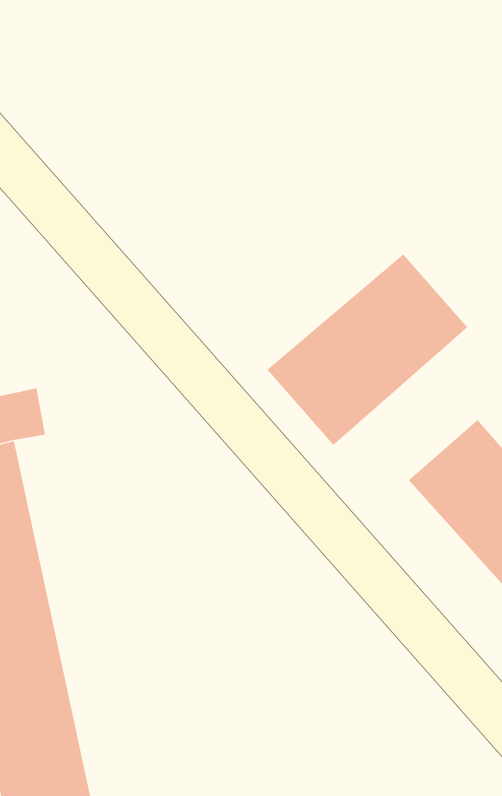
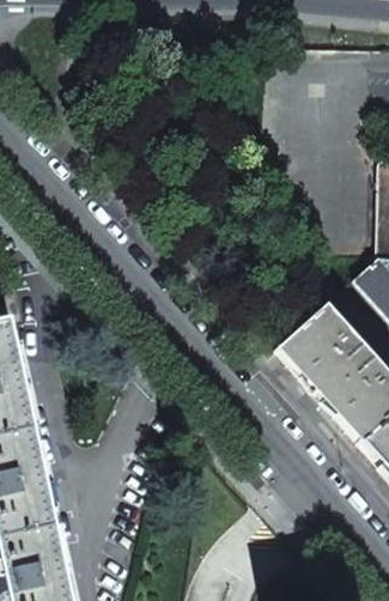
building: [267,253,468,446] -> none

